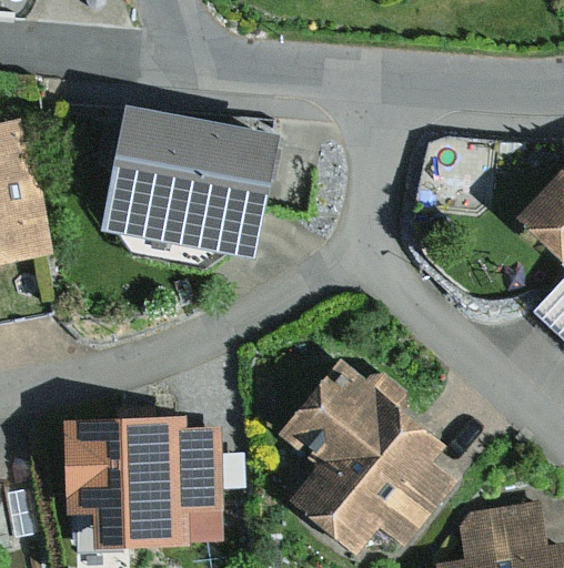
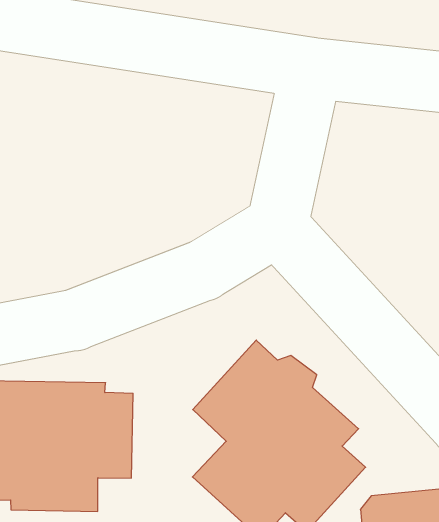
building: [112,110,281,258] -> none

